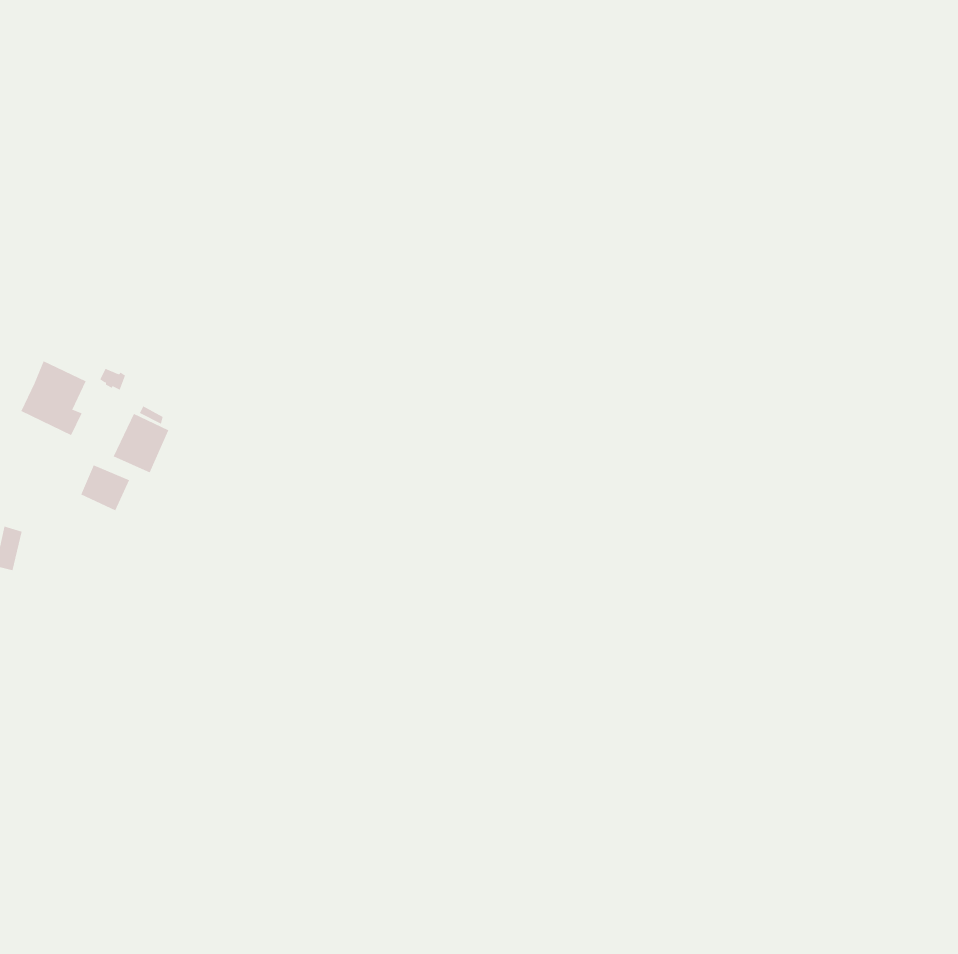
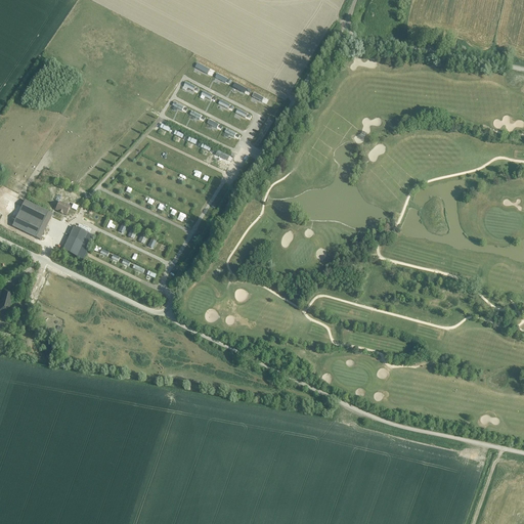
building: [81,464,130,511] -> none

